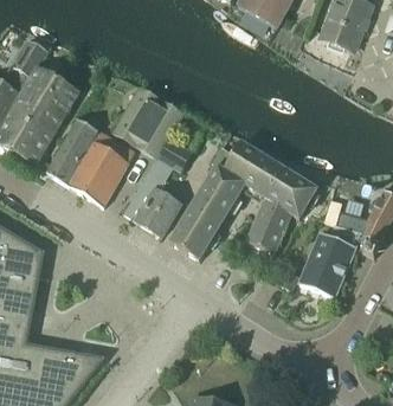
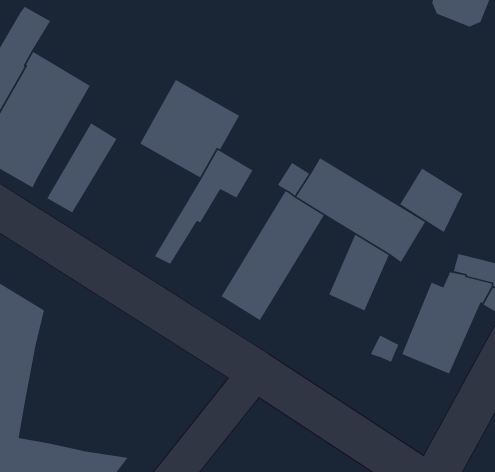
building: [65,128,135,205] -> none
building: none -> [399,168,464,233]
building: [135,188,180,236] -> none

